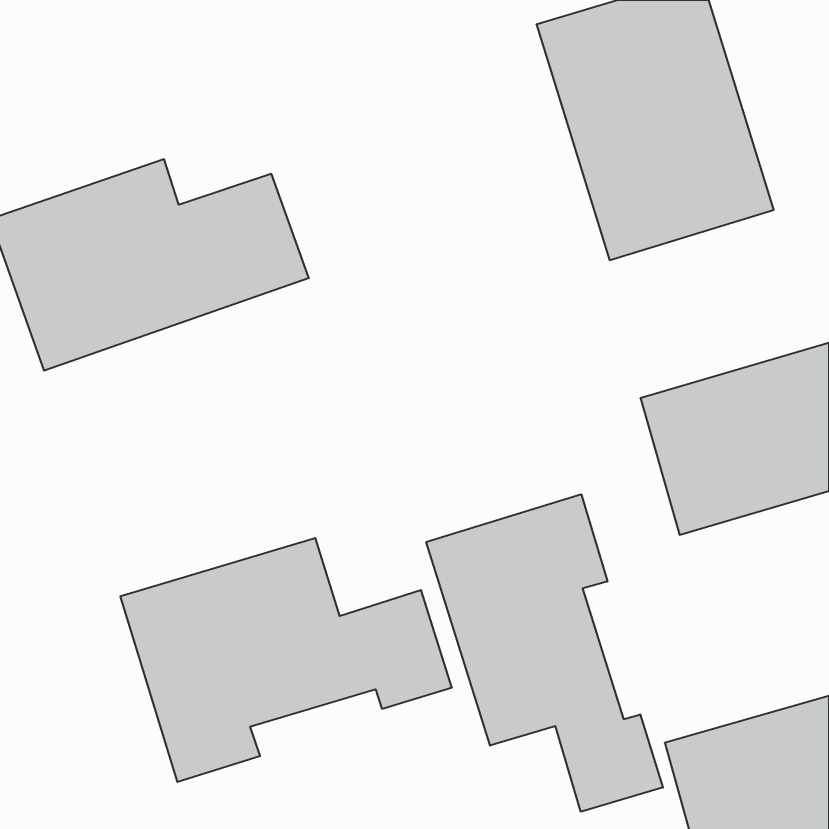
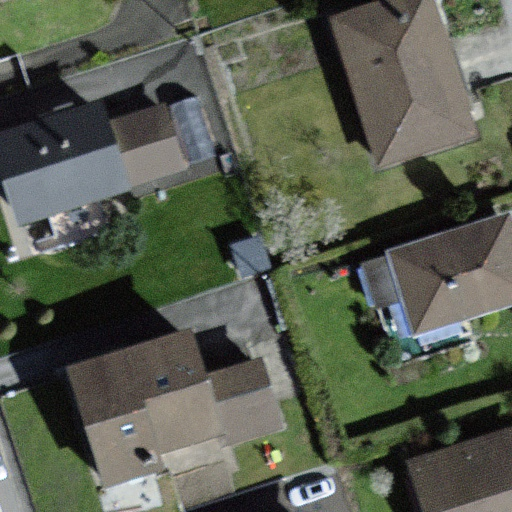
building: [426,494,663,812] -> none

